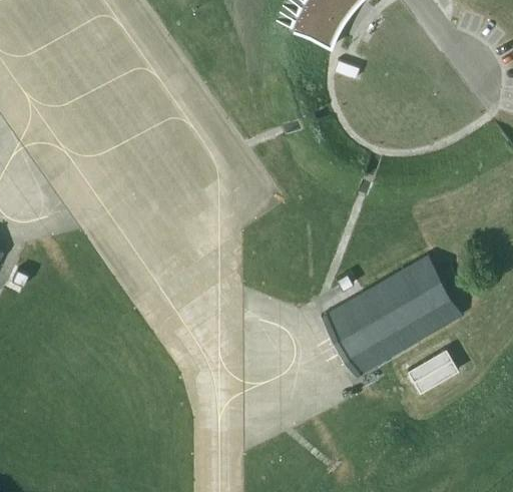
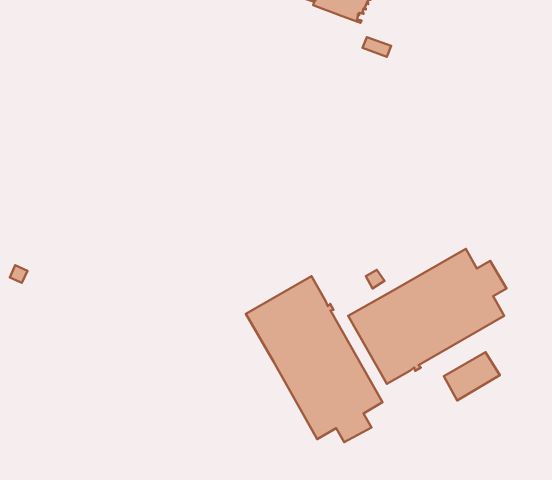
building: none -> [246,276,382,442]

